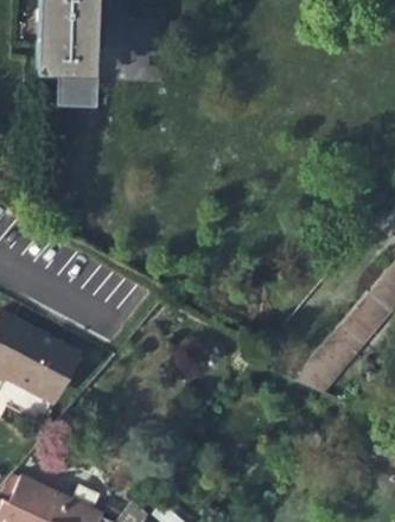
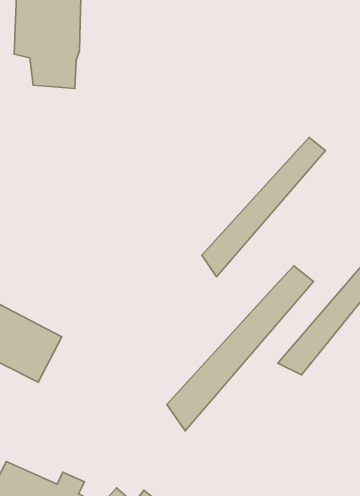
building: none -> [202,137,325,277]
building: none -> [167,266,314,431]

